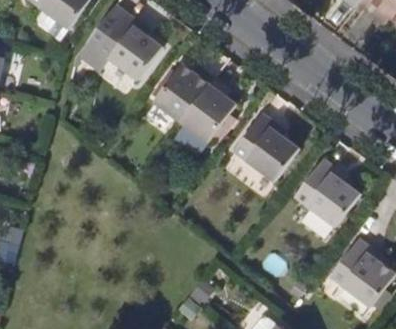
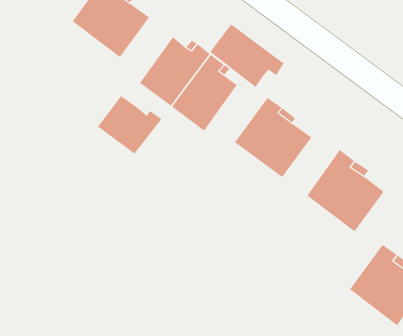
building: none -> [210,23,285,88]
building: none -> [97,95,162,155]

